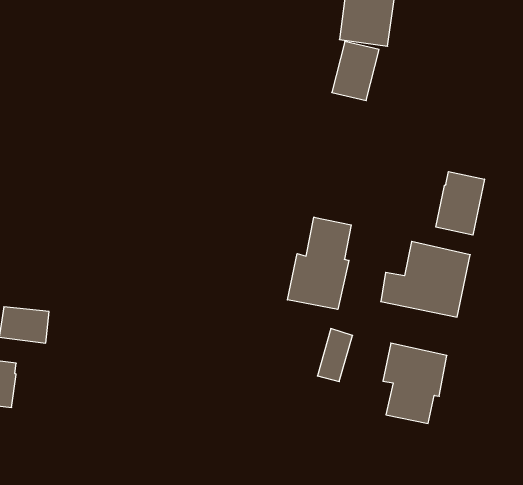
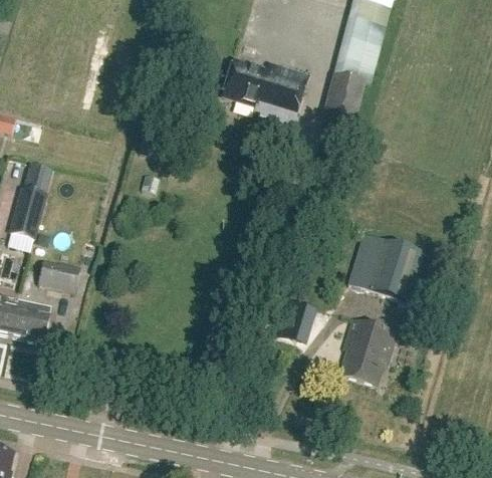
building: none -> [223,59,310,124]
building: [436,172,484,235] -> none
building: [287,217,351,309] -> none

